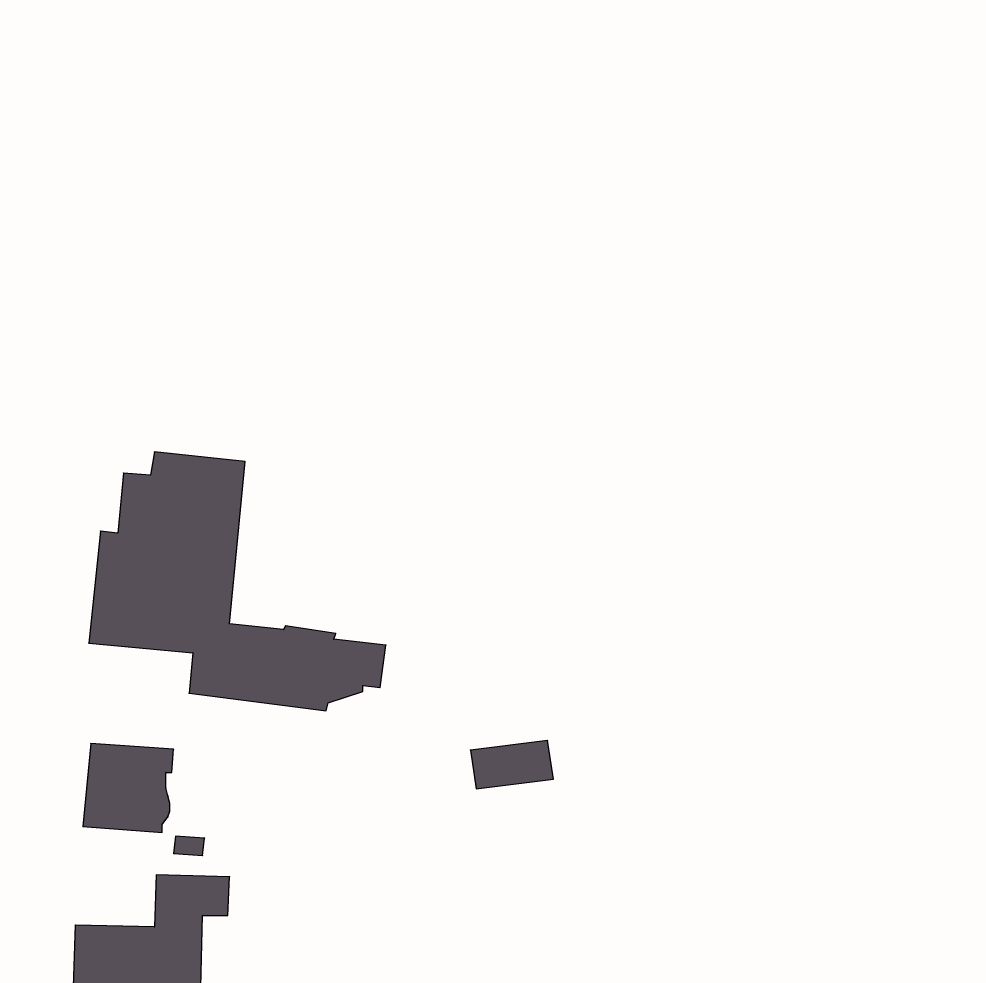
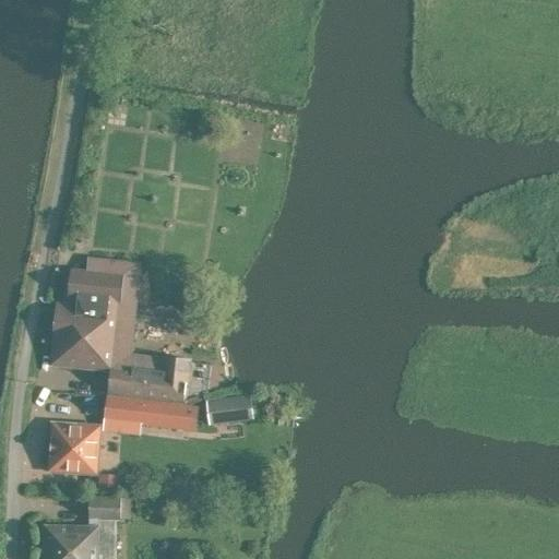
building: none -> [104,396,198,430]
building: [470,740,553,789] -> [205,396,252,424]

